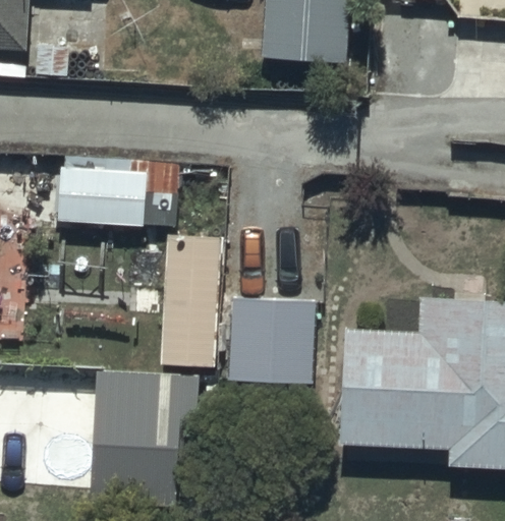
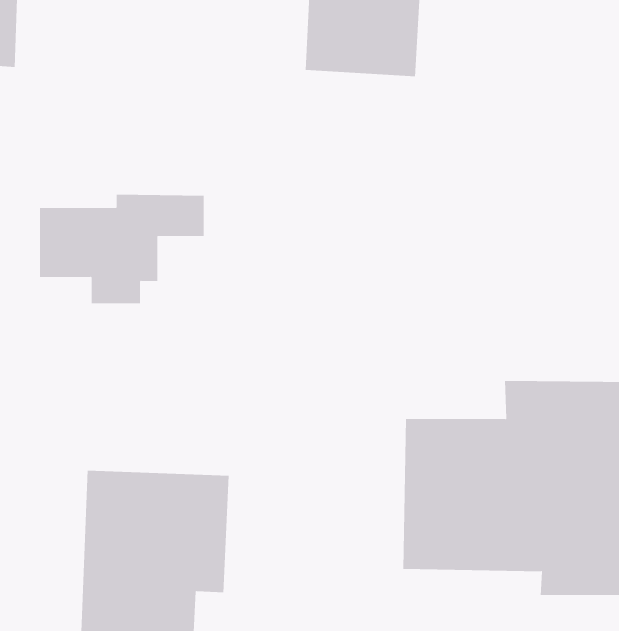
building: [158,236,224,367] -> none
building: [227,295,326,385] -> none

